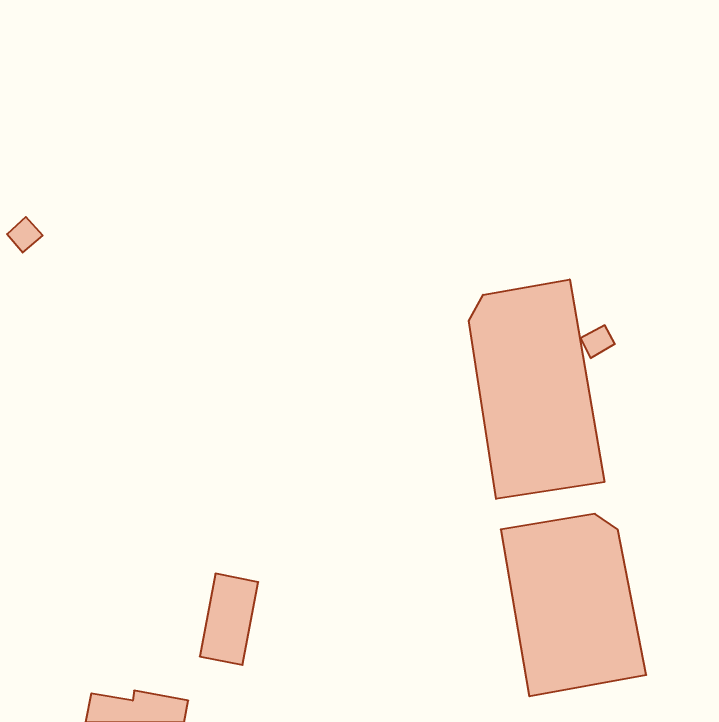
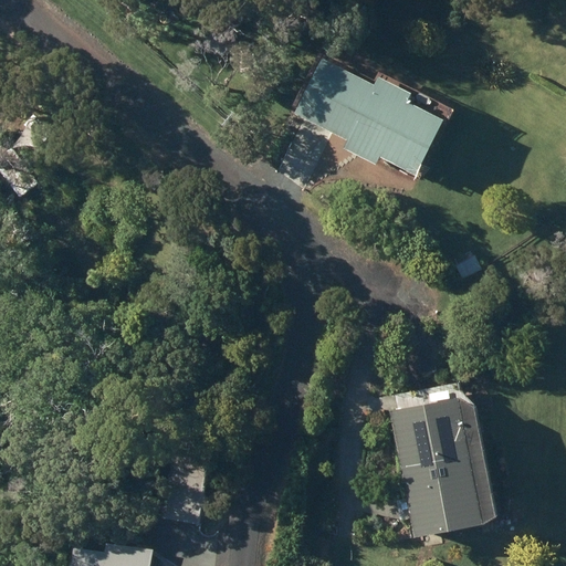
building: none -> [297,61,447,178]
building: [469,279,604,499] -> none

